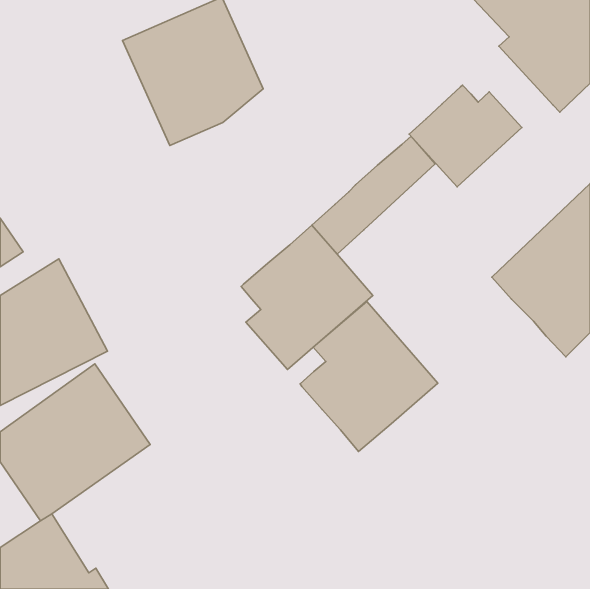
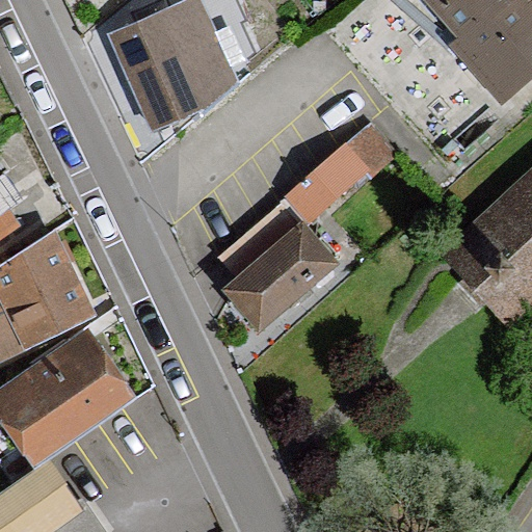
building: [409,85,522,187] -> none
building: [300,301,438,452] -> none

